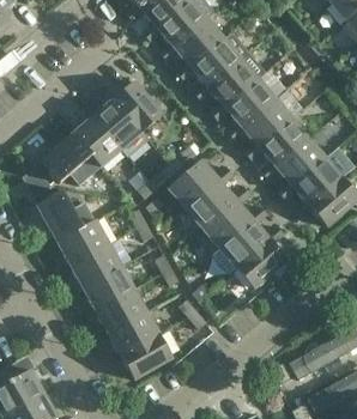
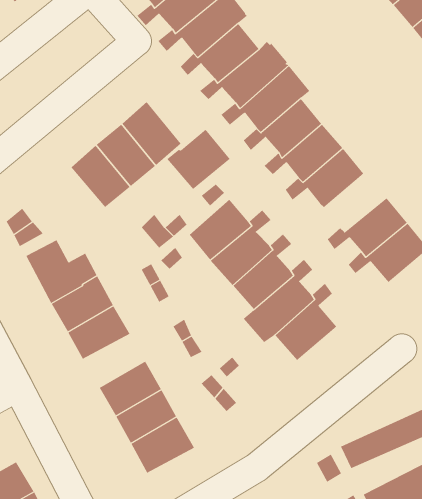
building: none -> [167,129,230,190]
building: [41,134,101,186] -> none
building: [261,139,326,186] -> none
building: [83,267,133,310] -> none

